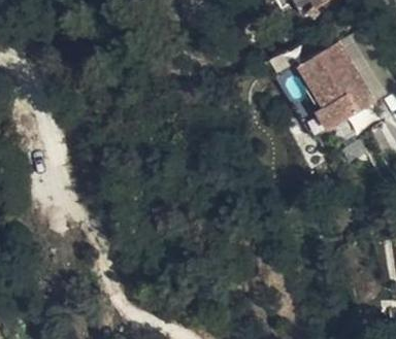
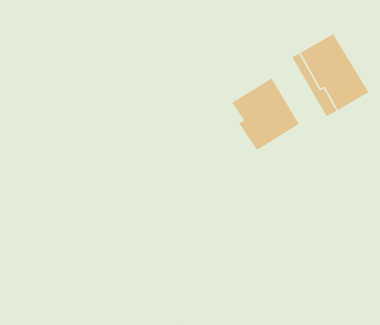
building: none -> [231,78,300,151]

